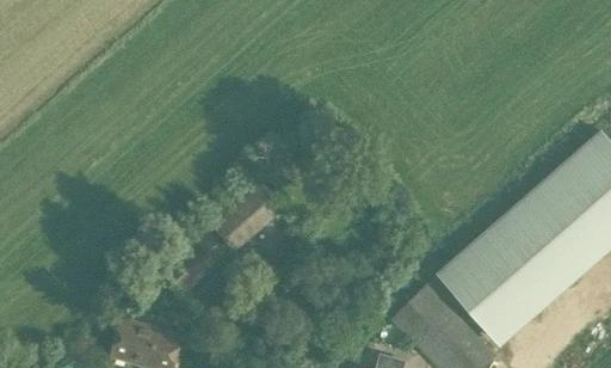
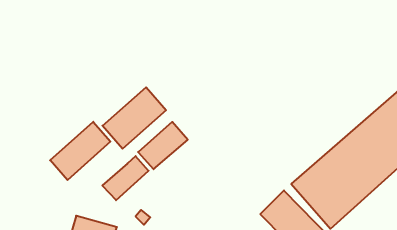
building: none -> [102,87,166,149]
building: none -> [50,122,110,180]

